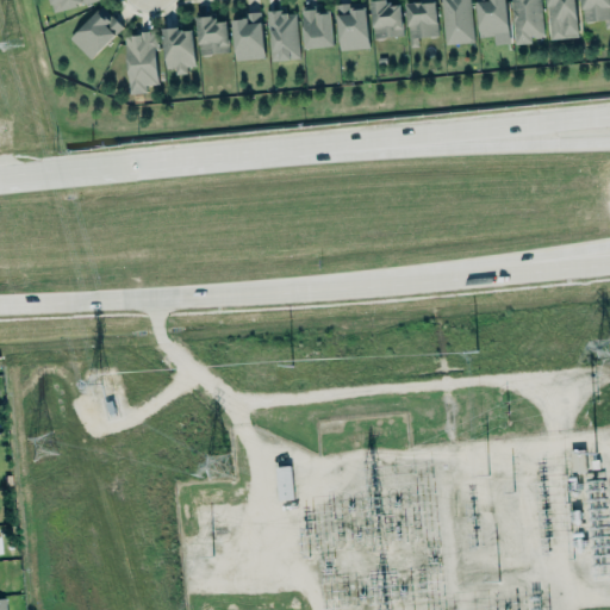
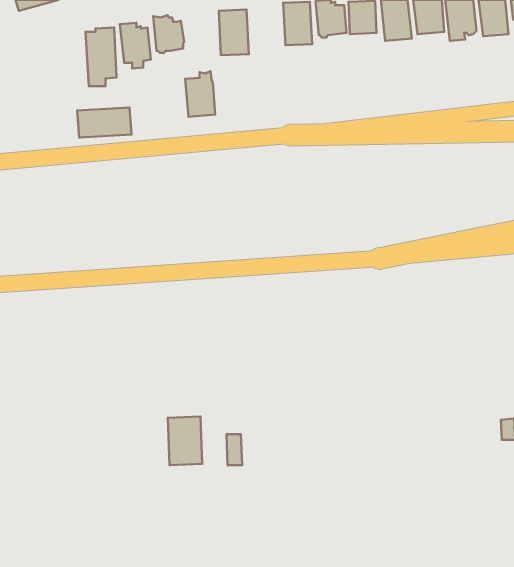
building: [69,6,122,58] -> none
building: [301,6,332,48] -> none
building: [232,12,264,61] -> [185,71,215,117]
building: none -> [77,107,131,138]
building: none -> [168,416,202,465]

